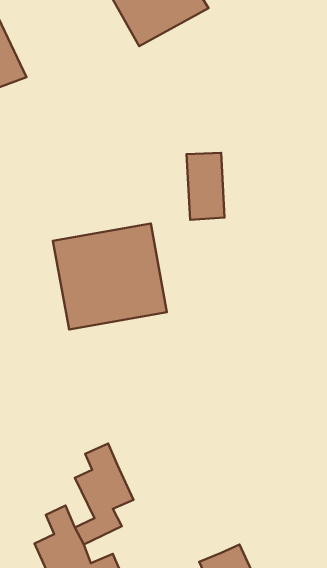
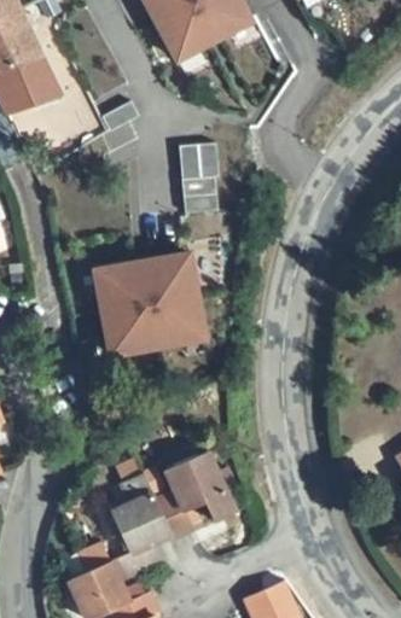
building: [187,153,225,220] -> [179,141,219,211]
building: none -> [156,451,237,540]

